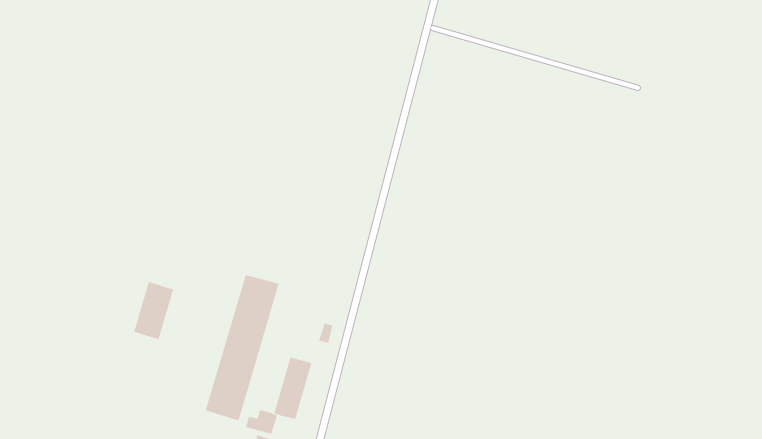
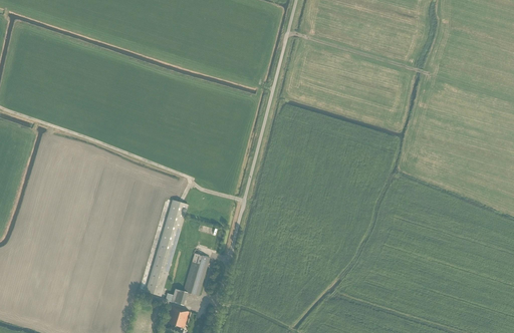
building: [134,281,174,340] -> none

